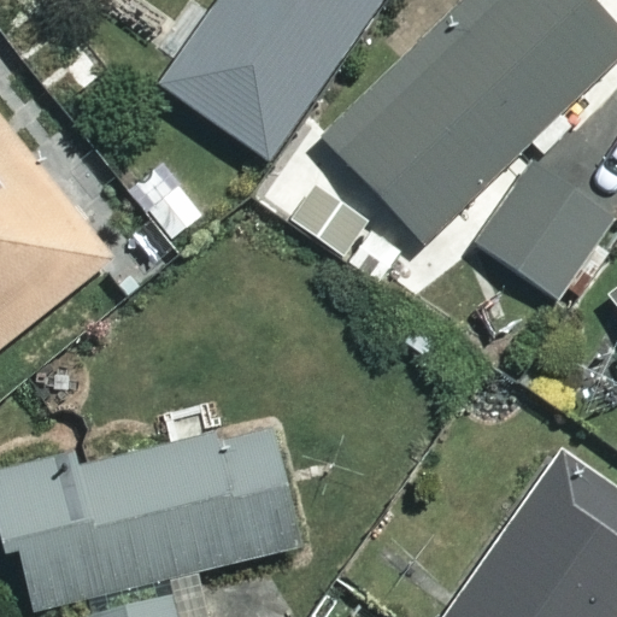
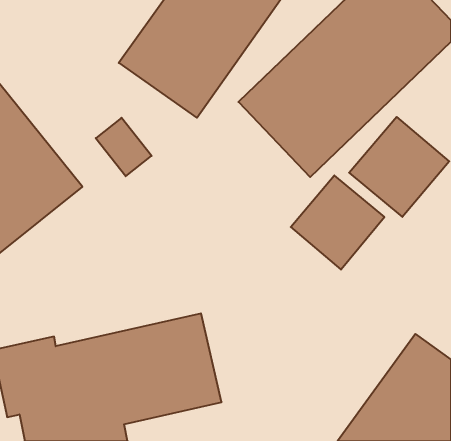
building: none -> [291,175,384,270]

